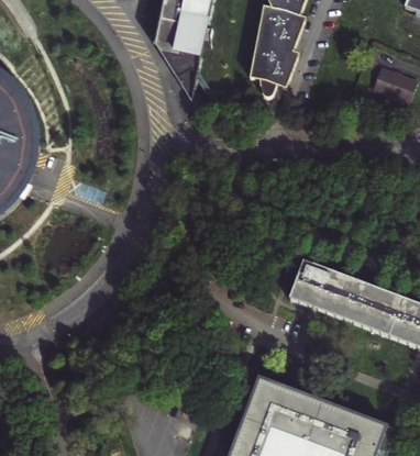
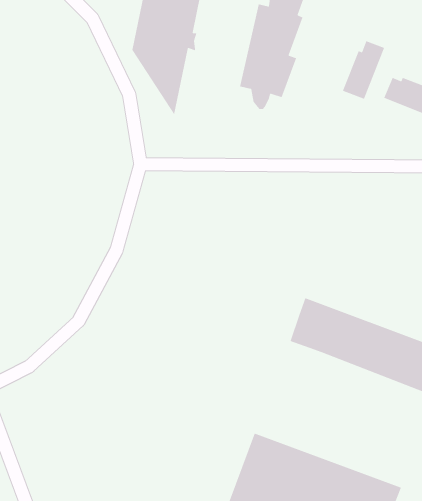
building: none -> [342,40,385,100]

